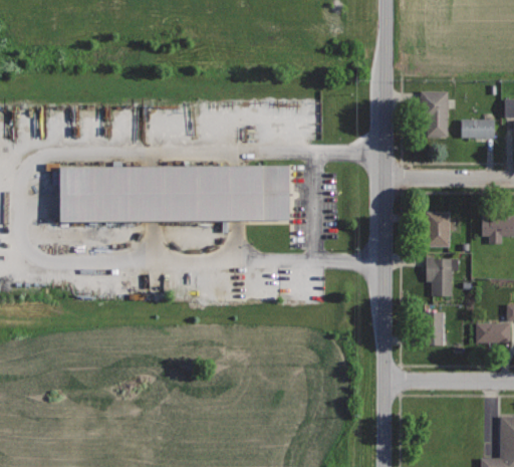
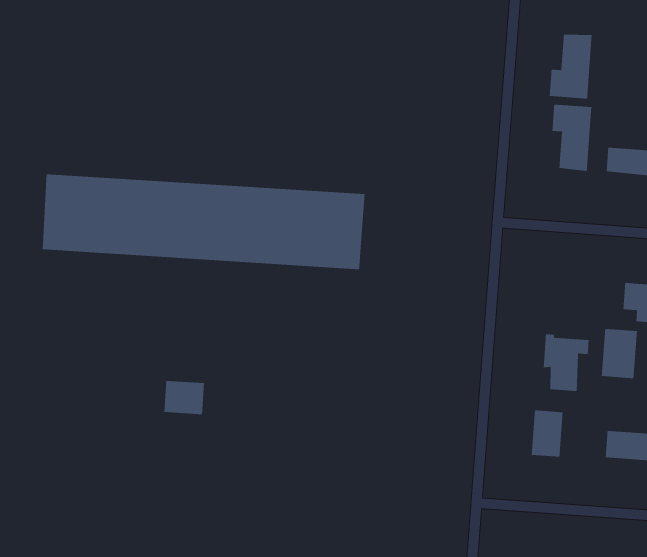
building: none -> [549,34,593,99]
building: [427,211,451,246] -> [601,328,638,379]
building: none -> [163,380,205,415]

